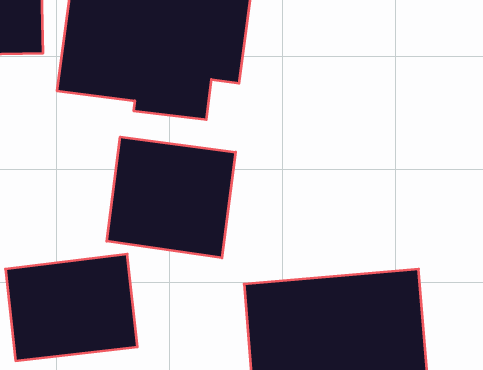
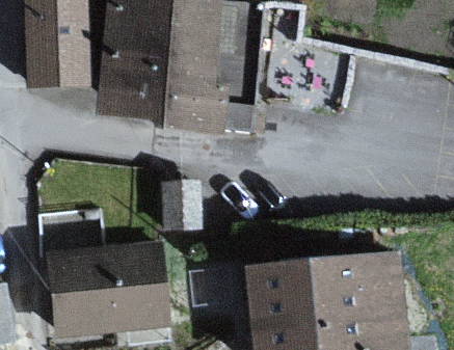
building: [107,137,236,258] -> none

